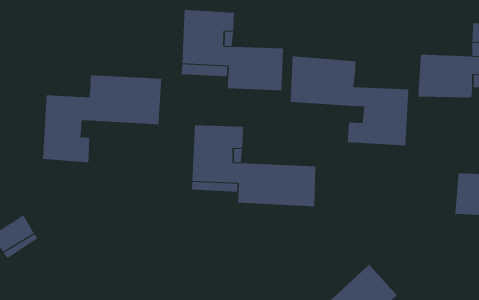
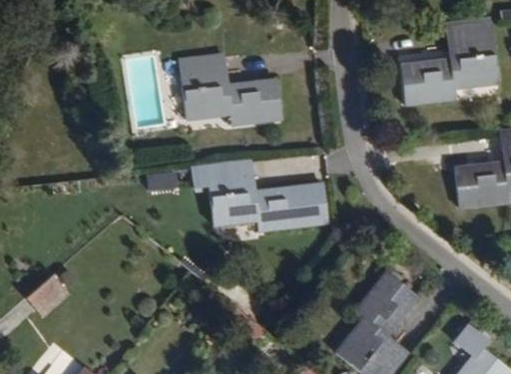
building: [290,56,409,146] -> none
building: [43,75,162,163] -> none

